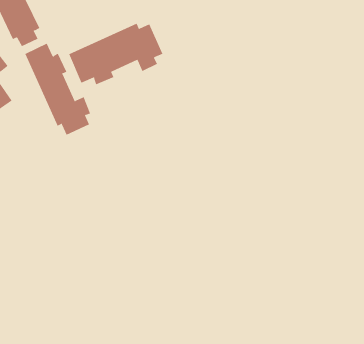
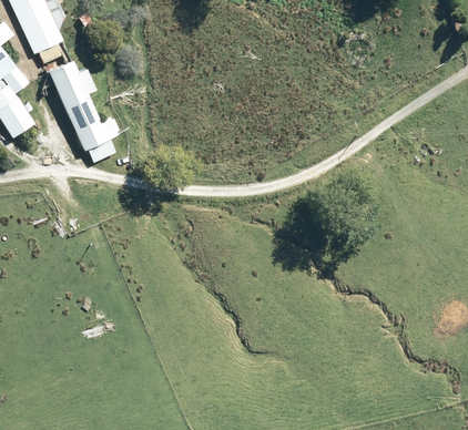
building: [68,23,163,85] -> none

